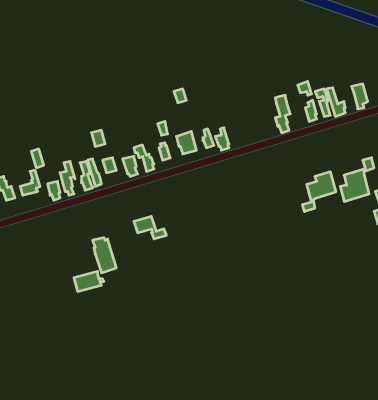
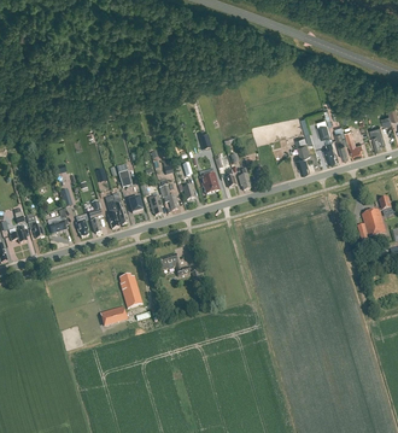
building: [303,172,336,212] -> none

